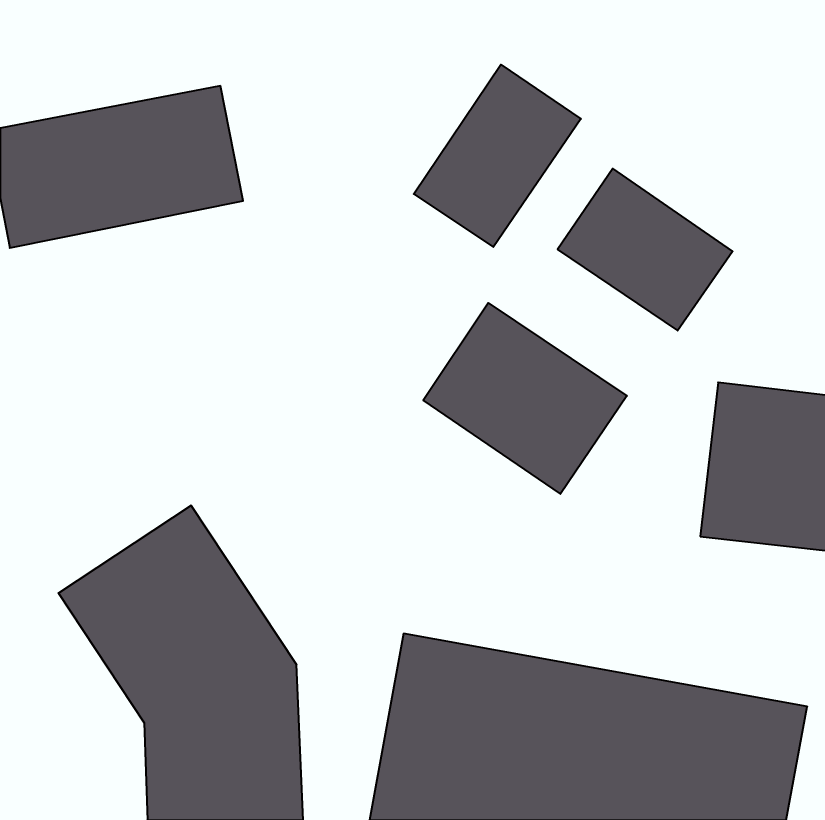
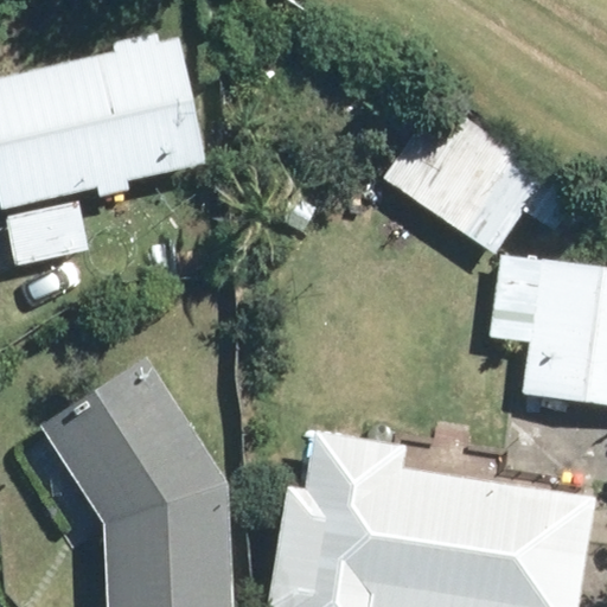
building: [414,65,581,247] -> none
building: [423,303,627,494] -> none

